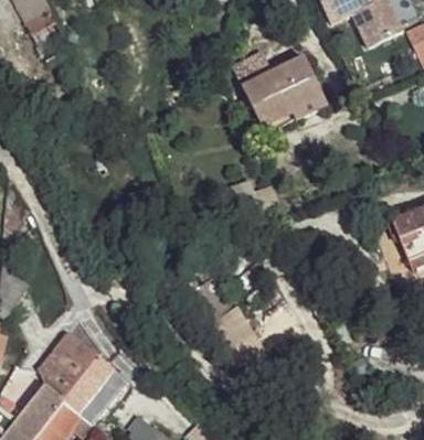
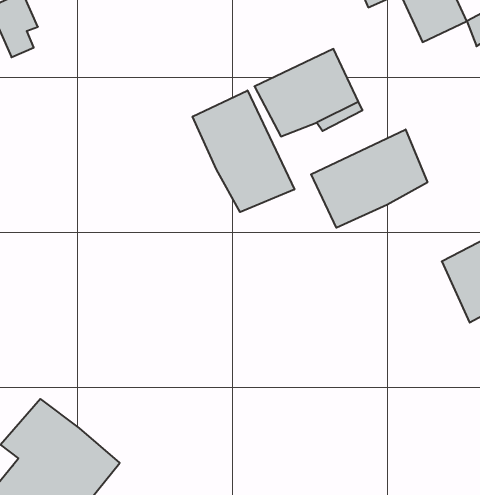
building: none -> [193,90,294,212]
building: none -> [311,129,427,228]

